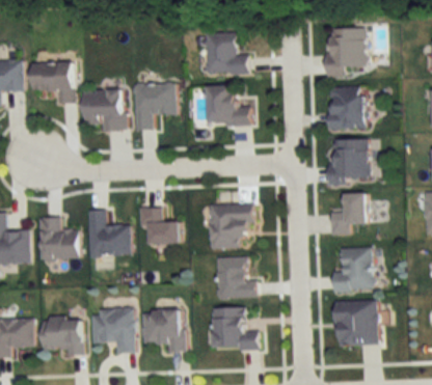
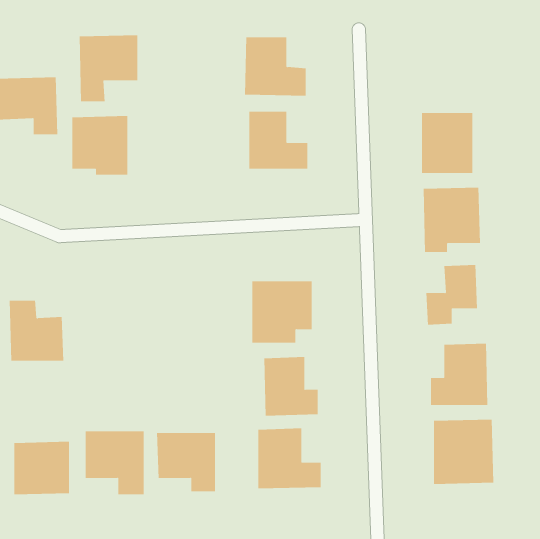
building: [326,28,364,77] -> none
building: [133,82,174,129] -> [79,35,138,102]
building: [139,207,180,244] -> none
building: [88,210,130,255] -> none

